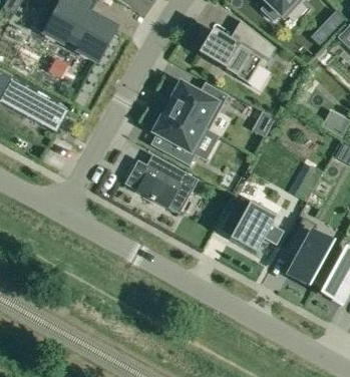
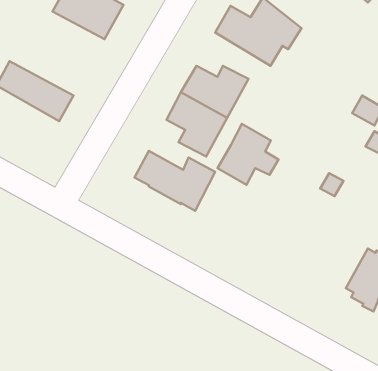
building: [230,199,285,254] -> [218,124,278,185]
building: [286,216,336,284] -> none

